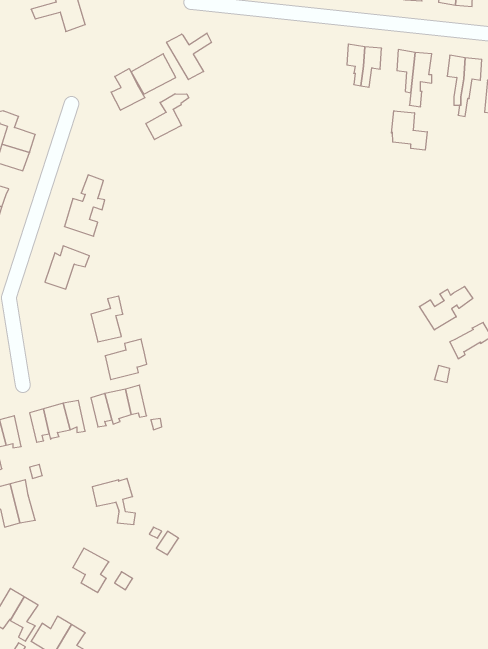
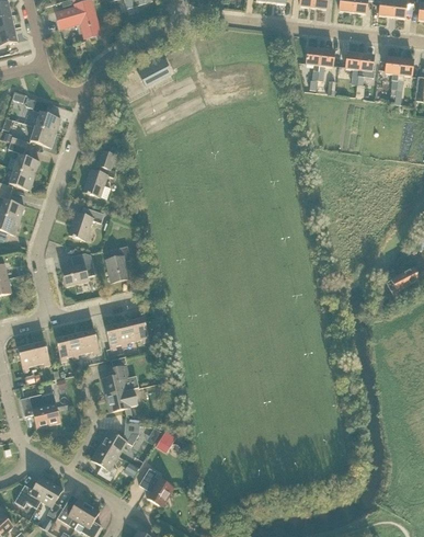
building: [167,33,211,80] -> none
building: [111,69,145,110] -> none
building: [146,94,189,140] -> none
building: [391,111,427,150] -> none
building: [419,286,473,330] -> none
building: [105,339,147,380] -> [61,254,94,286]
building: none -> [101,365,138,396]
building: none -> [99,424,138,455]
building: none -> [139,467,174,506]

